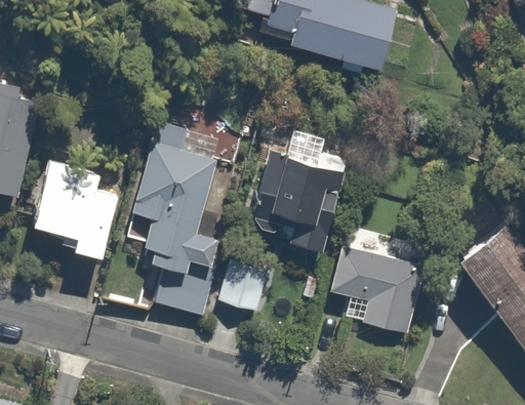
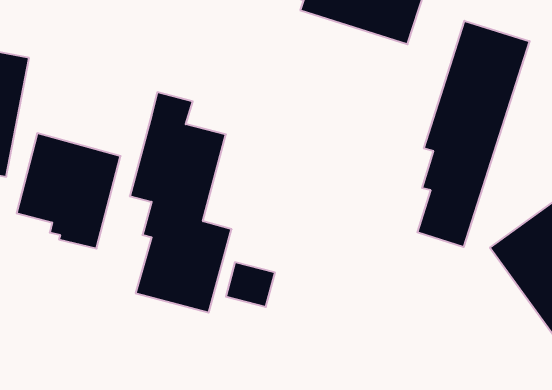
building: none -> [417,21,530,247]
building: [248,129,353,254] -> none
building: [329,245,427,332] -> none

